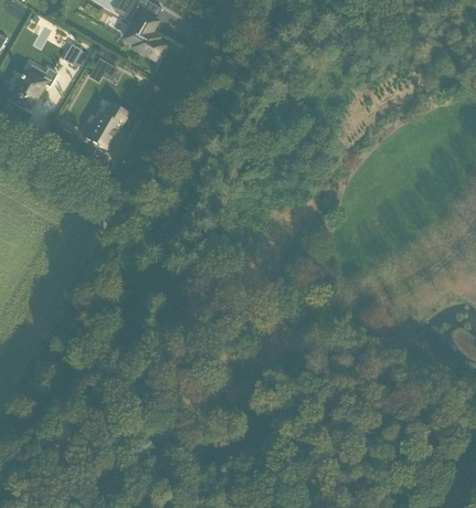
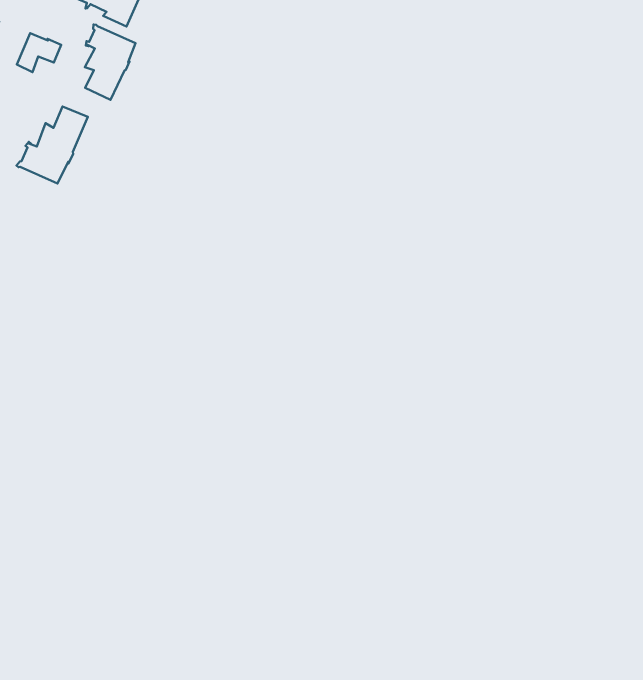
building: none -> [85,24,136,100]

